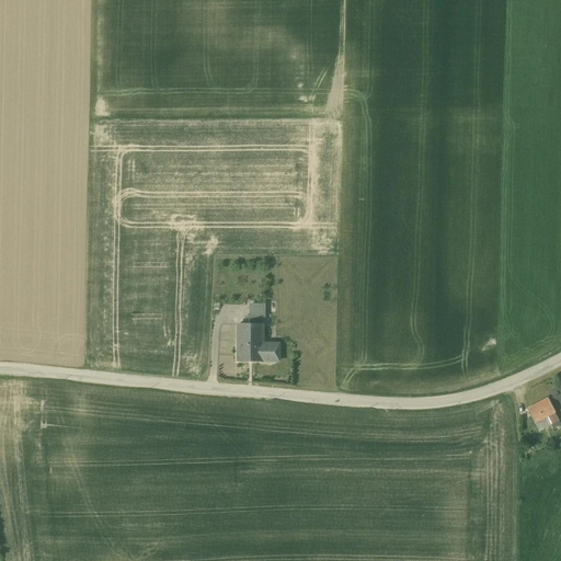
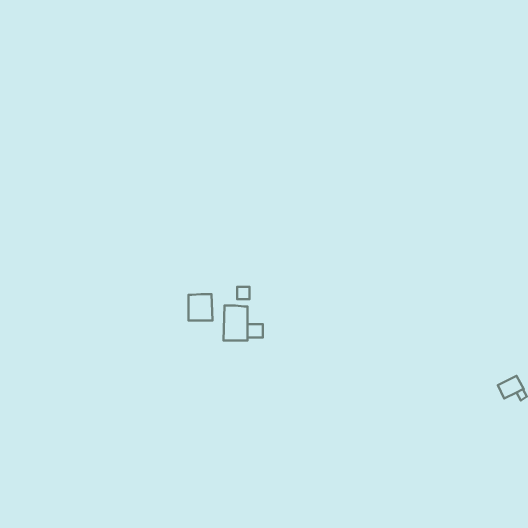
building: none -> [188,294,213,321]

